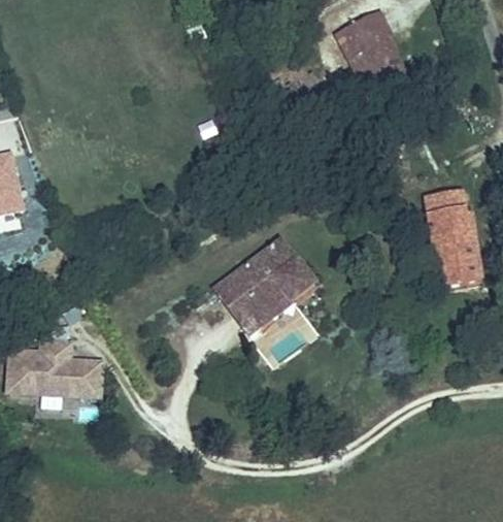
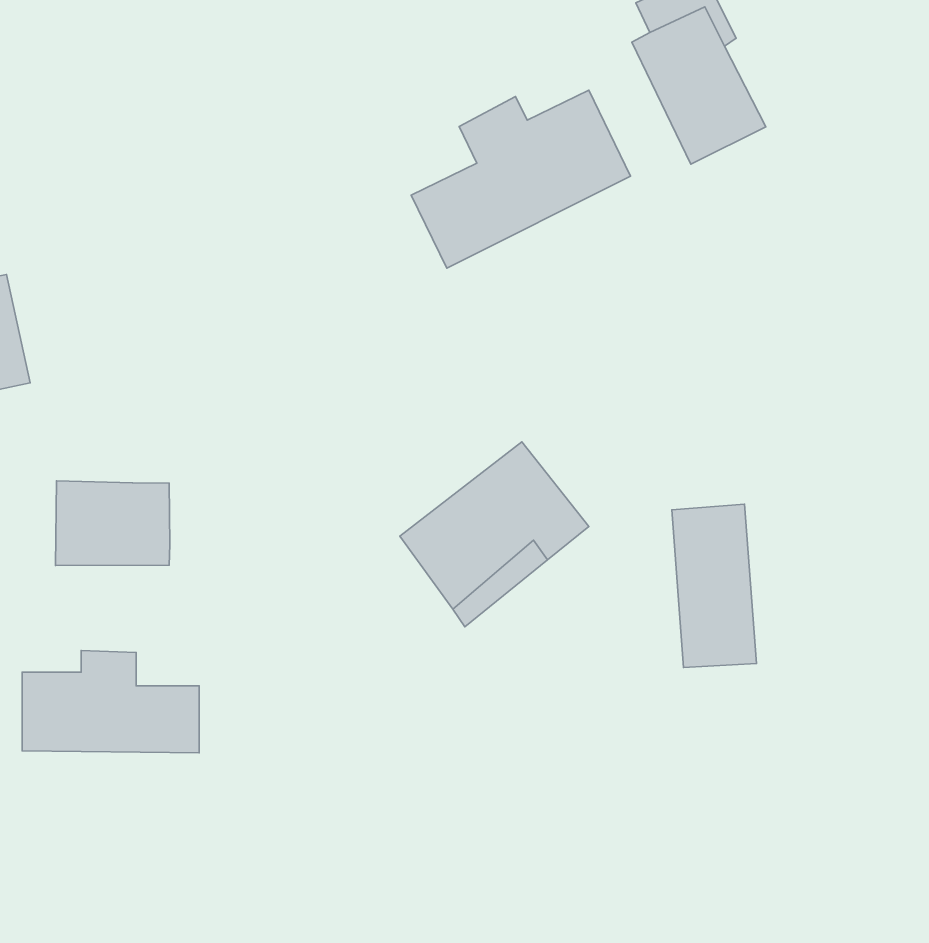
building: none -> [411,90,631,268]
building: [431,192,475,278] -> [672,504,756,667]
building: none -> [56,481,170,566]

